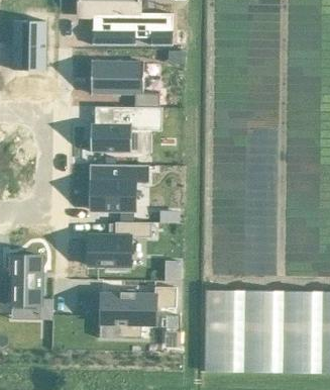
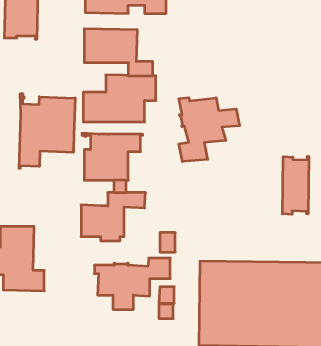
building: none -> [19,94,75,168]
building: none -> [179,98,240,162]
building: none -> [282,156,309,214]

